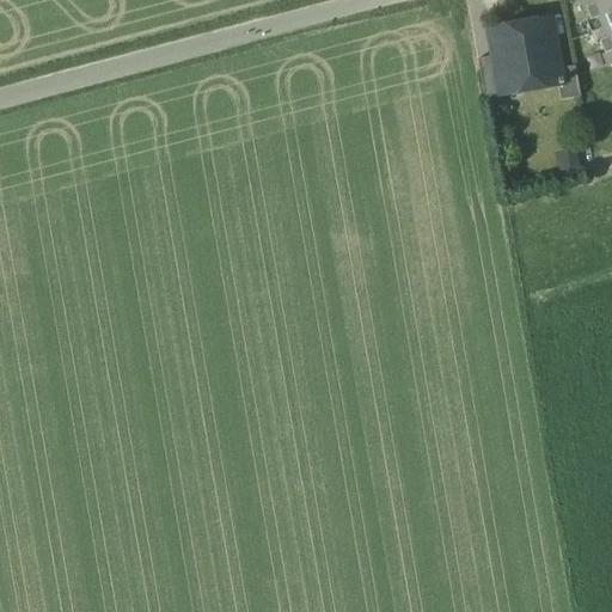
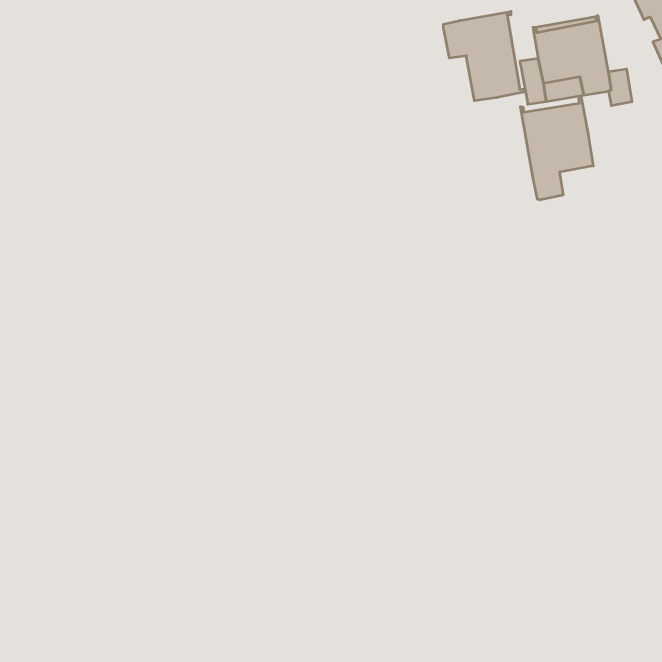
building: none -> [443,11,526,101]
building: none -> [520,96,593,200]

